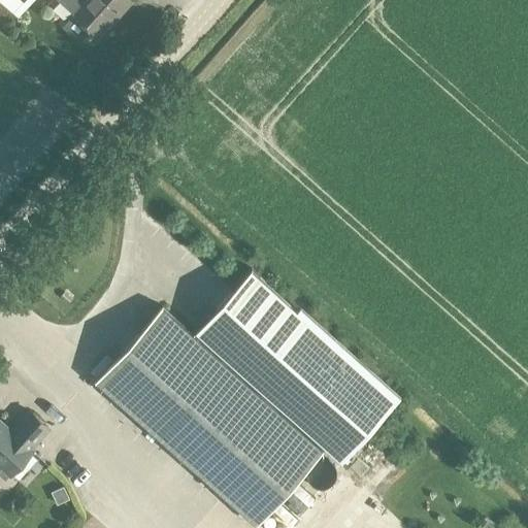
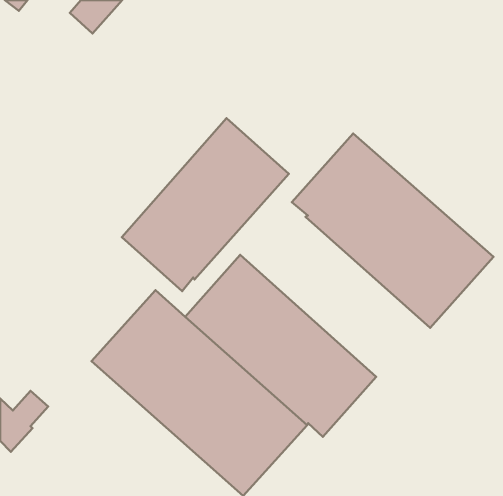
building: none -> [122,118,289,291]
building: none -> [292,133,494,328]

